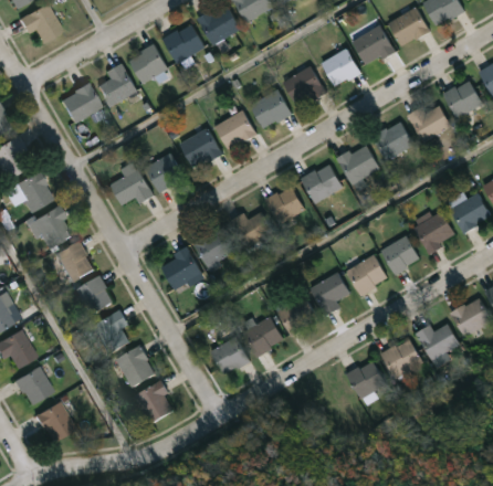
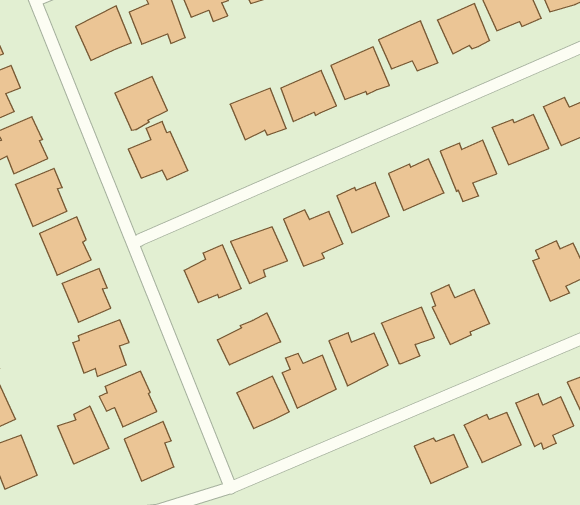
building: [144,152,183,193] -> [115,77,167,130]
building: [380,235,420,275] -> none
building: none -> [217,313,281,365]
building: none -> [58,406,109,464]

